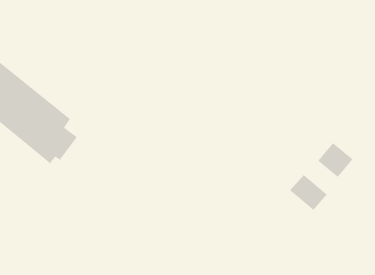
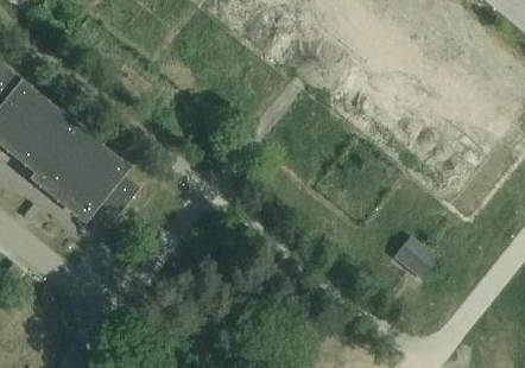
building: [317,142,354,178] -> none

